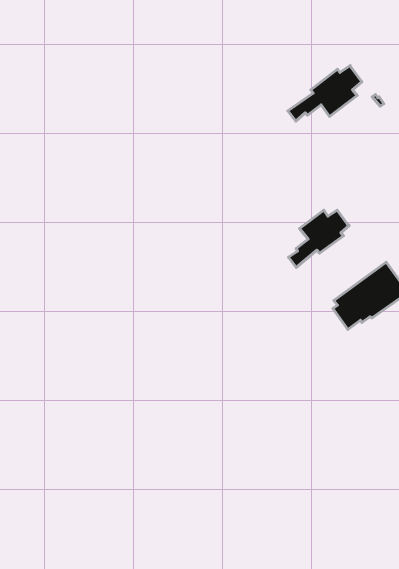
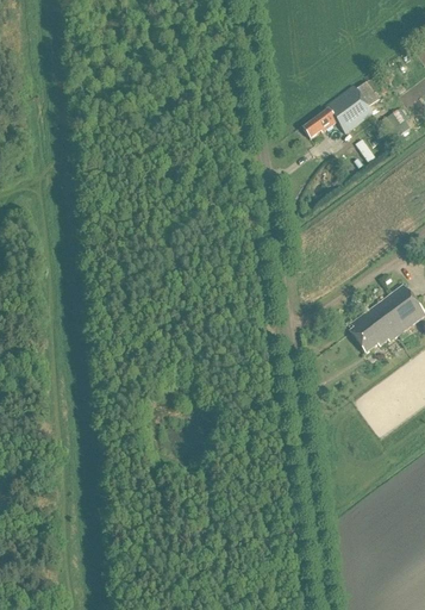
building: [289,210,349,268] -> none

